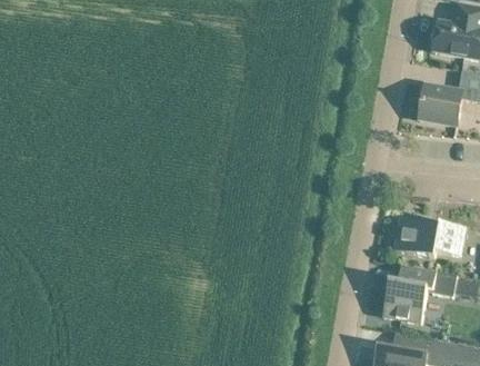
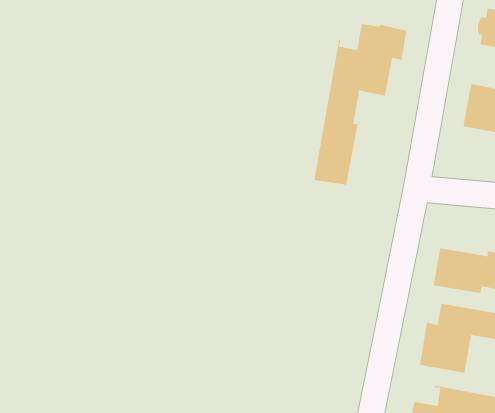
building: none -> [314,24,407,185]

